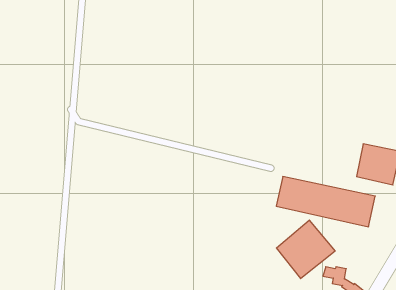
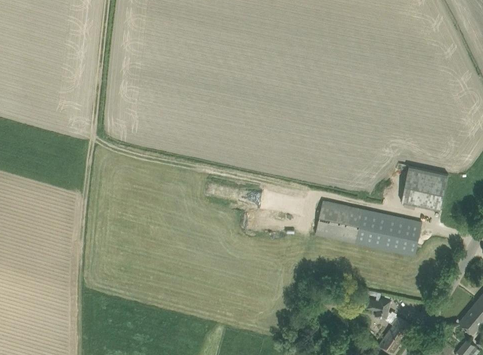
building: [276,220,335,279] -> none

